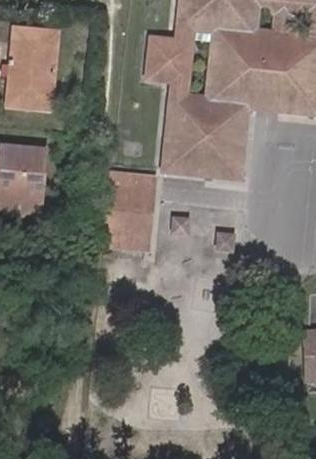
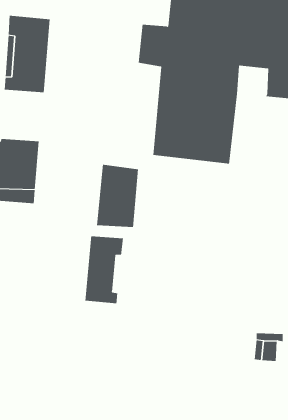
building: [245,79,275,110] -> none
building: none -> [85,235,124,304]

